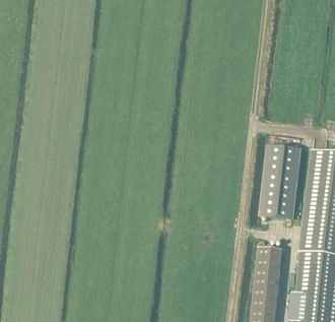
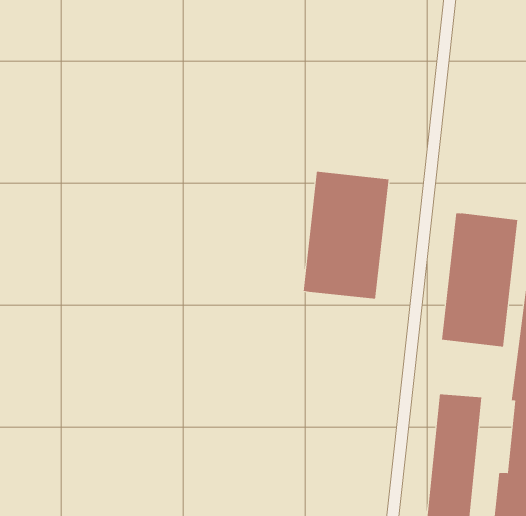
building: none -> [303,171,389,299]

